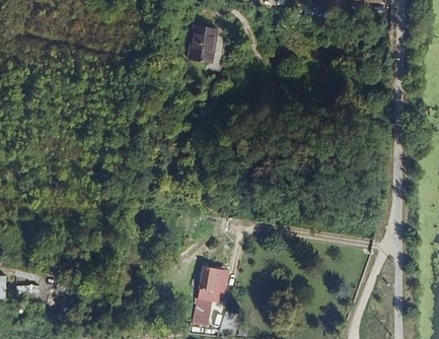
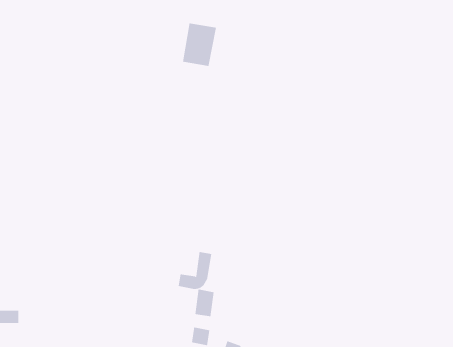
building: [197,269,228,303] -> [178,252,212,290]

